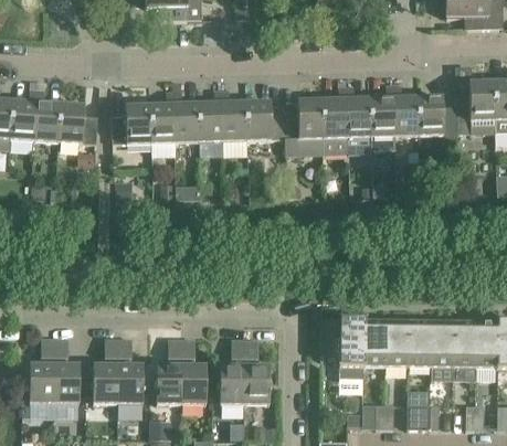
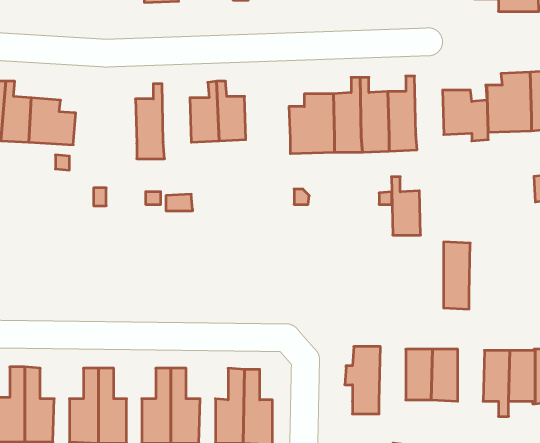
building: [393,85,419,136] -> [391,177,421,235]
building: [173,92,199,142] -> none
building: [245,102,285,140] -> none
building: [112,105,151,145] -> none
building: [362,320,385,368] -> none
building: [431,322,454,381] -> [444,242,470,309]

